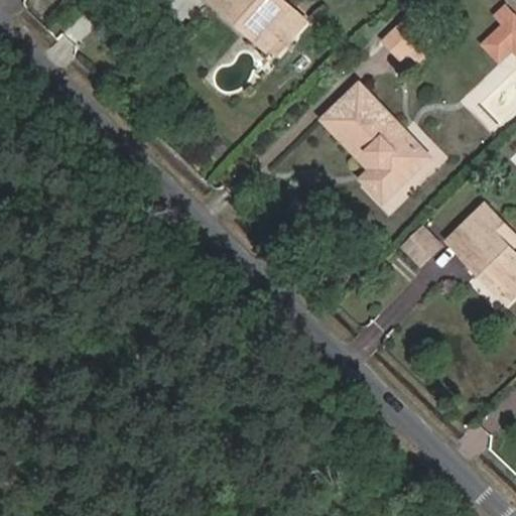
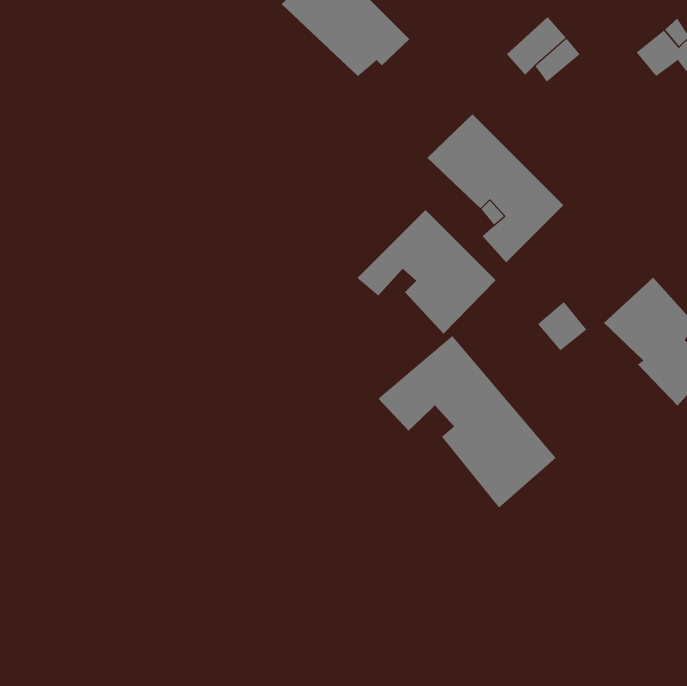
building: none -> [357,209,497,334]
building: none -> [378,335,557,508]

